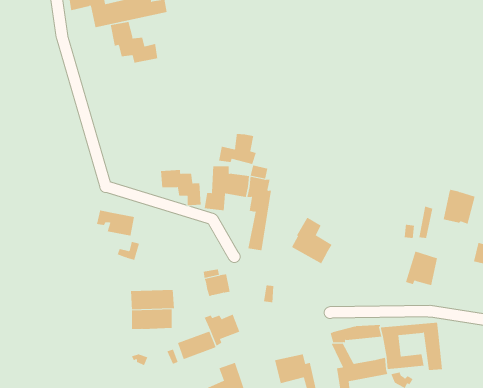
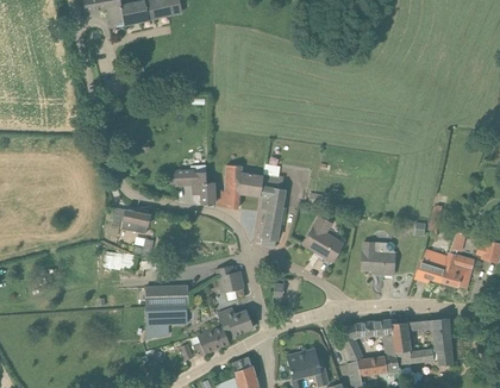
building: [110,21,158,63] -> none
building: [218,133,256,165] -> none
building: [443,189,475,224] -> [442,254,474,288]
building: none -> [362,242,395,275]

